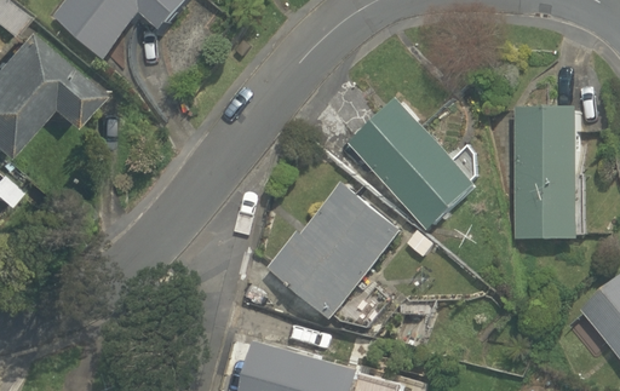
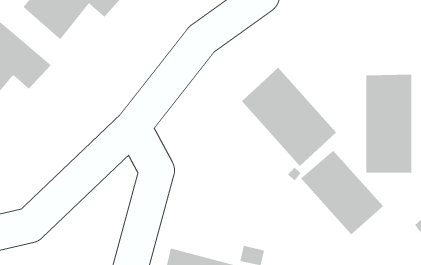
building: [265,183,400,321] -> none
building: none -> [300,150,384,235]

